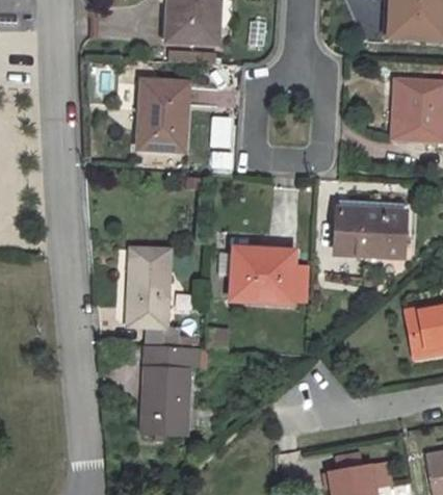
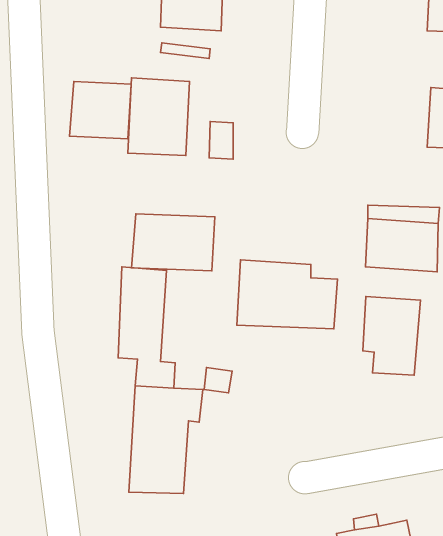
building: none -> [70,81,131,139]
building: none -> [131,214,215,271]
building: none -> [363,296,421,375]

